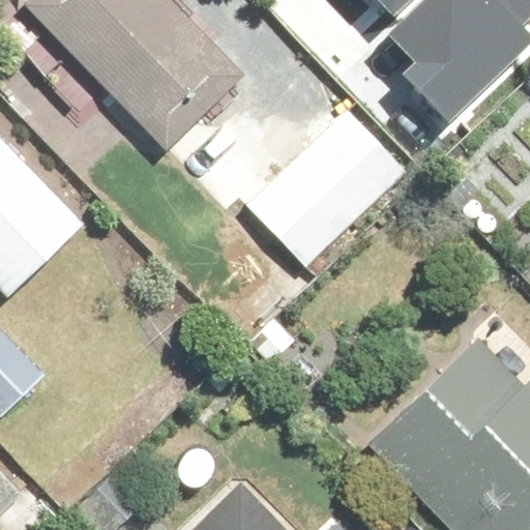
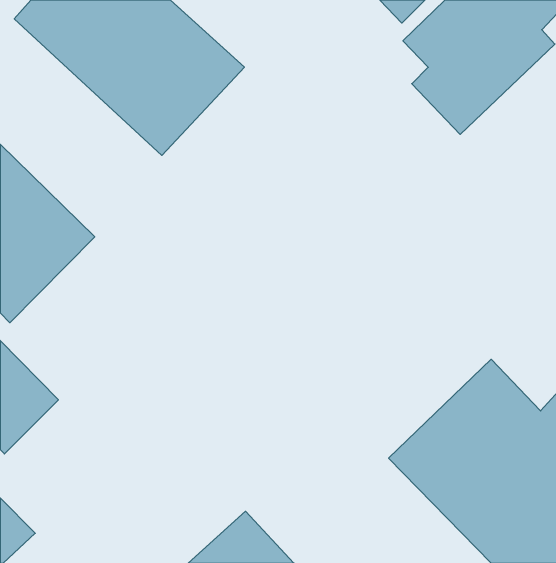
building: [241,113,412,282] -> none

